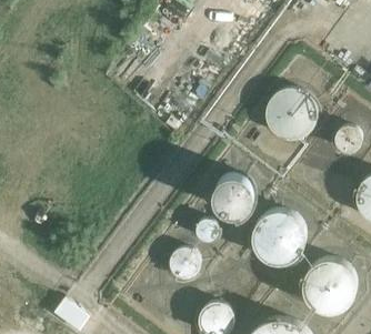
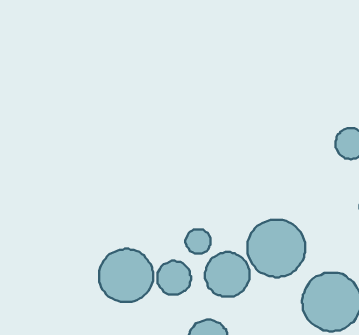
building: [264,90,315,142] -> none
building: [213,175,254,216] -> [205,252,249,296]
building: none -> [99,249,153,302]

